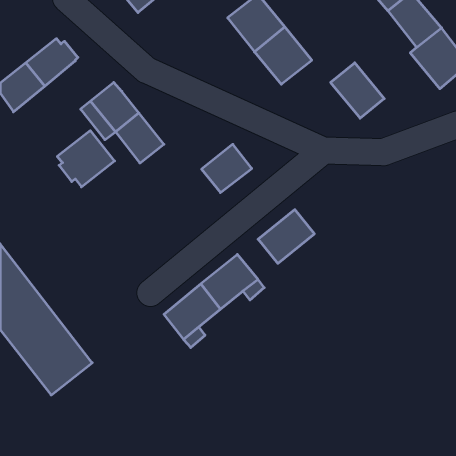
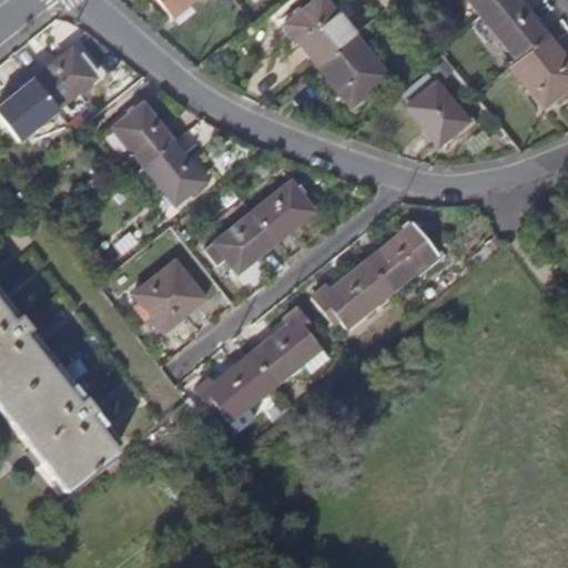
building: [57,131,115,187] -> [133,258,204,328]
building: none -> [204,210,275,270]
building: none -> [367,222,438,290]

